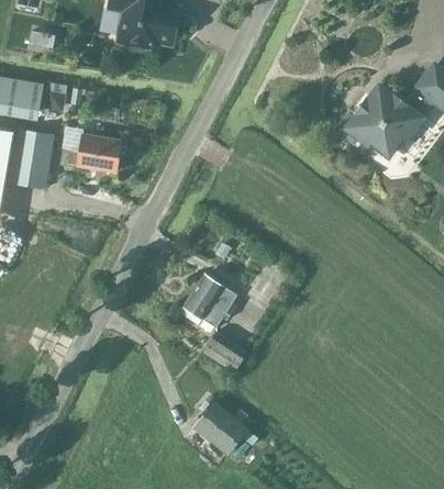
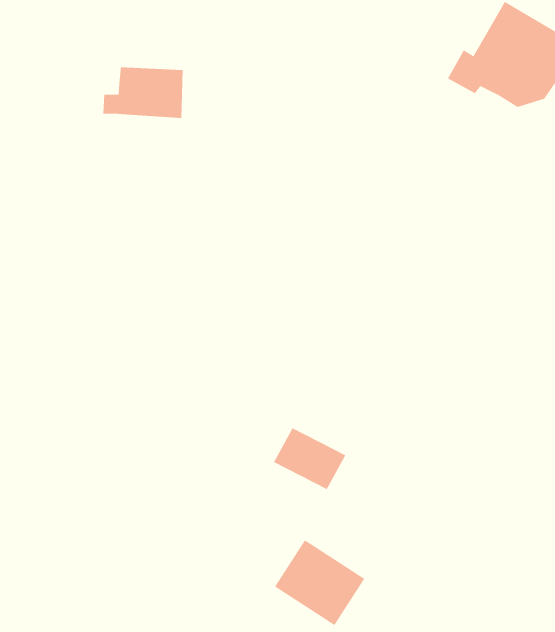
building: [67,135,120,171] -> [102,67,183,119]
building: [182,274,236,327] -> none

